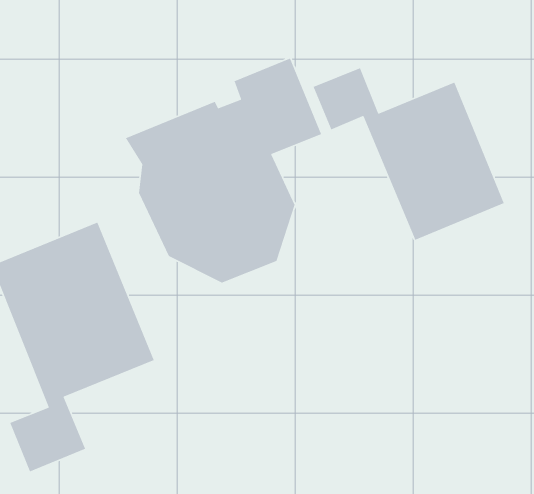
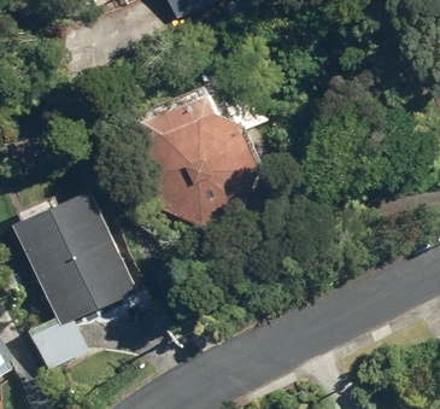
building: [312,67,505,241] -> none

